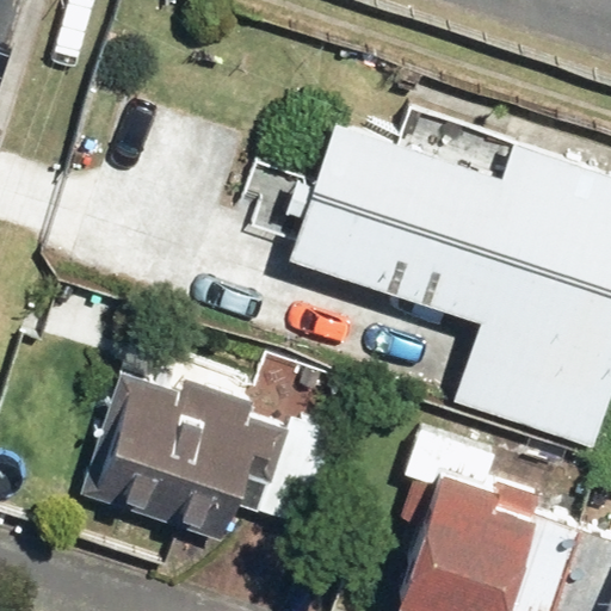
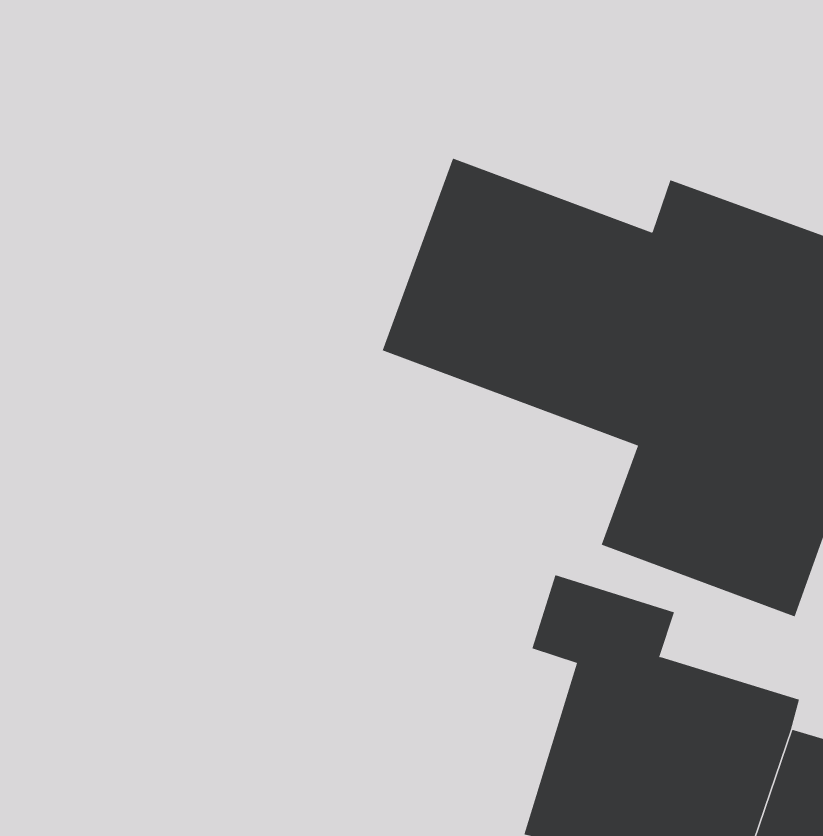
building: [92,344,331,544] -> none

